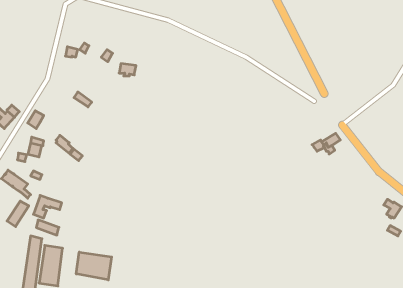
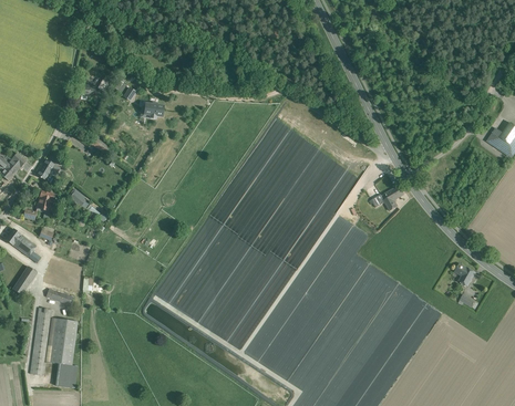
building: [76,252,112,280] -> none

